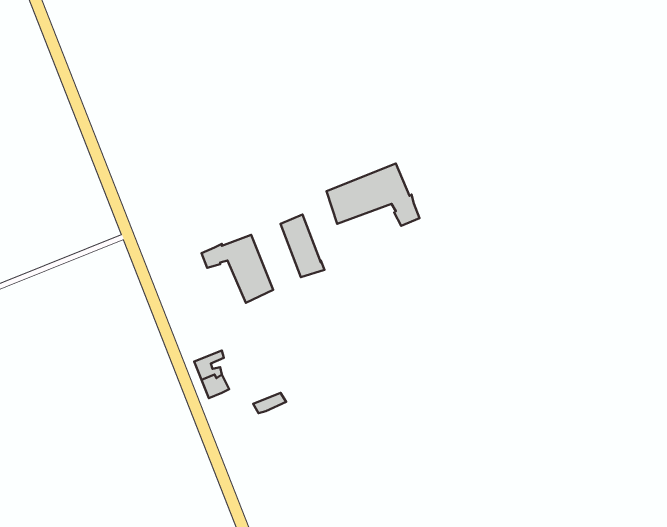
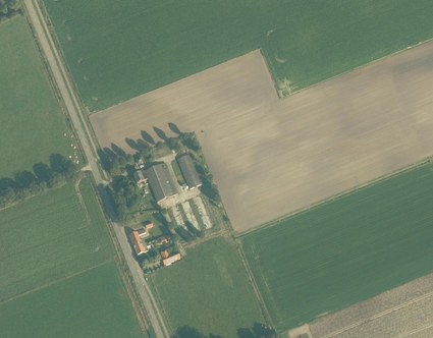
building: [326,164,419,226] -> none

